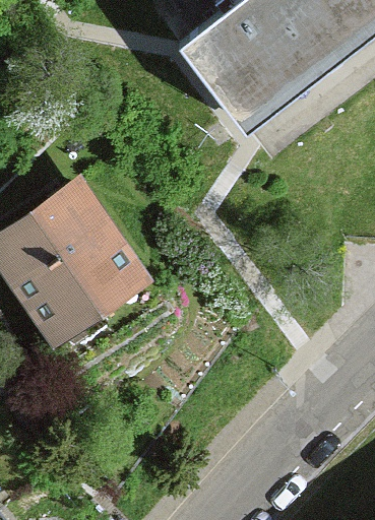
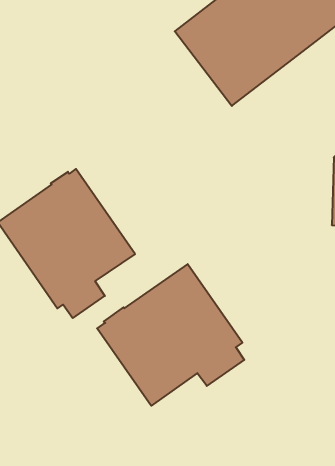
building: none -> [97,264,244,406]

